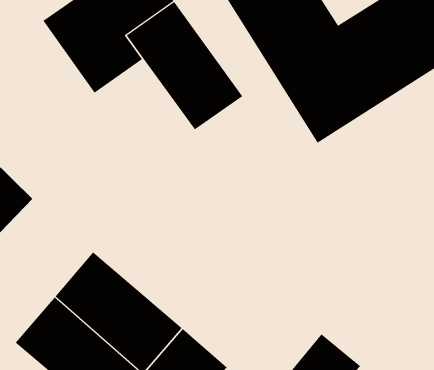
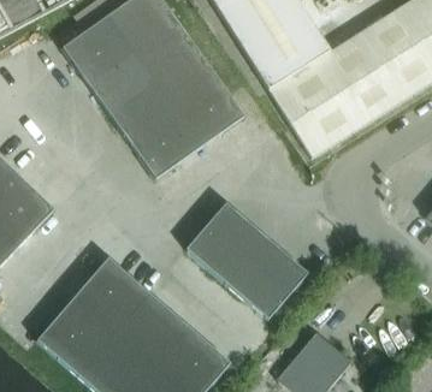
building: none -> [110,82,201,178]
building: none -> [187,203,308,319]

